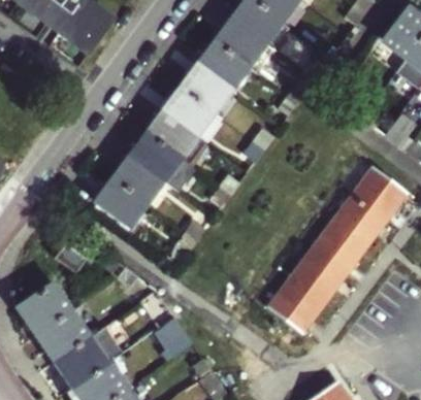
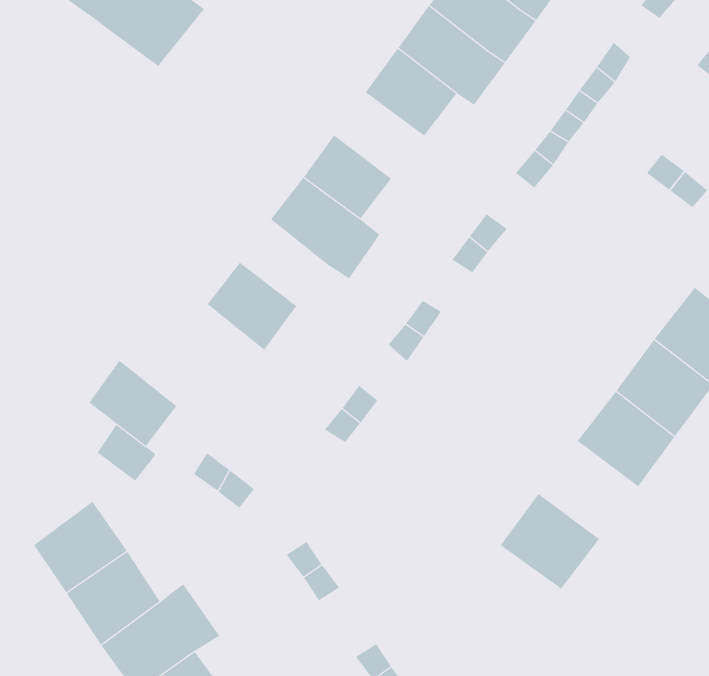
building: [181,65,229,111] -> none
building: [130,133,177,179] -> none
building: [96,178,143,225] -> [88,360,177,447]
building: [290,252,344,304] -> none

